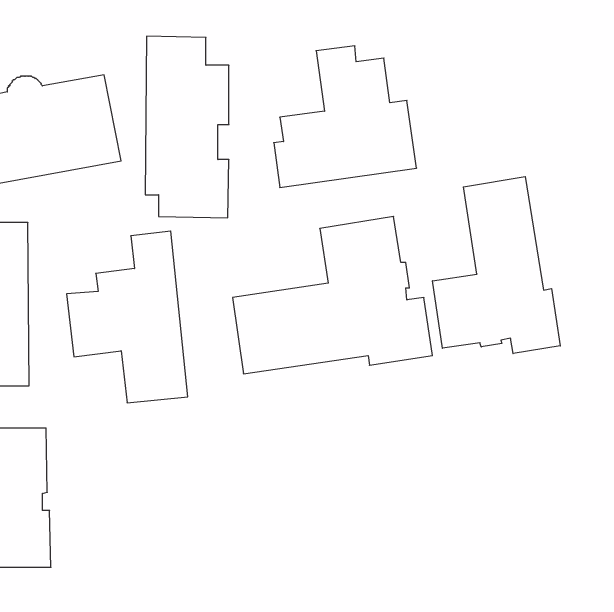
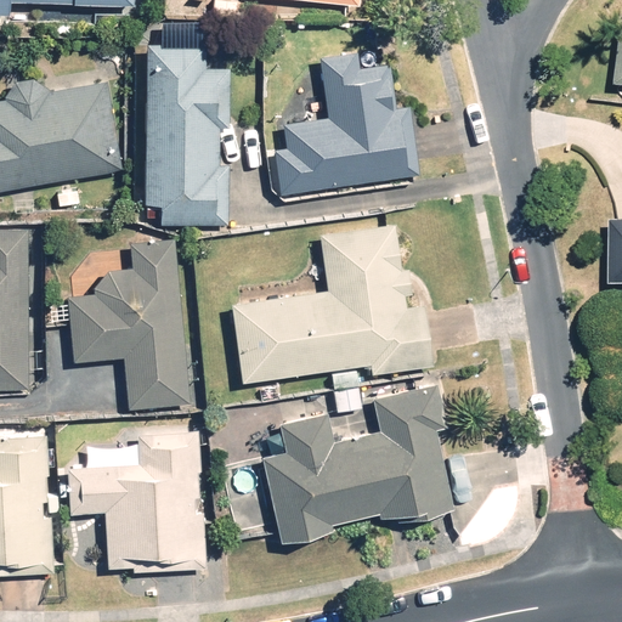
building: [433,177,560,354] -> none
building: none -> [262,388,453,544]
building: none -> [68,443,204,577]

